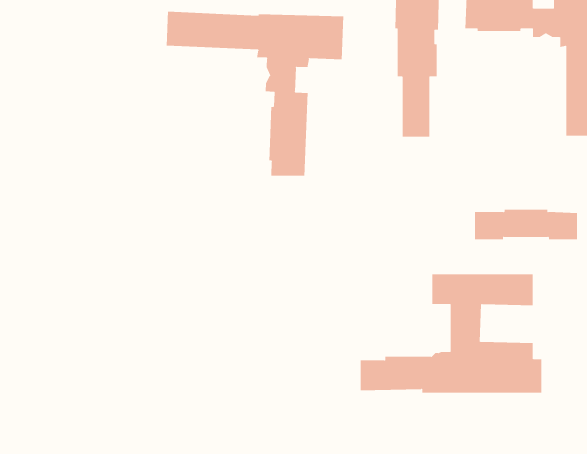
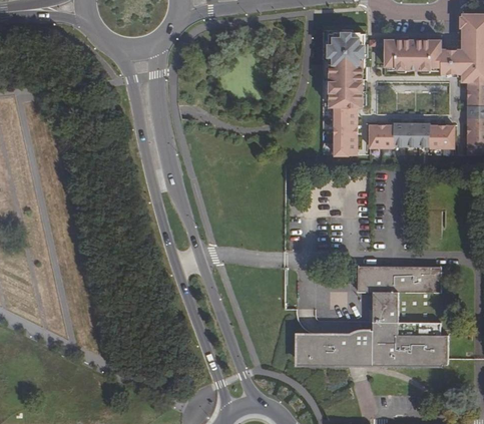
building: [166,11,344,177] -> none
building: [474,209,578,240] -> [368,123,452,148]

